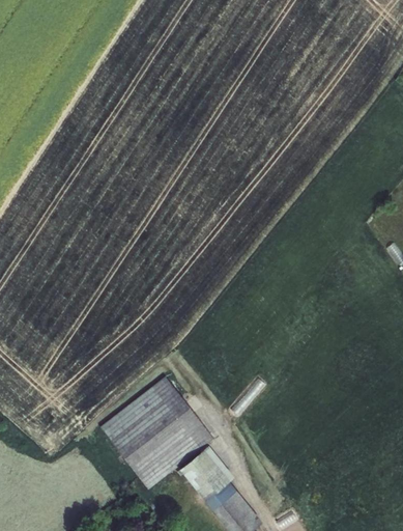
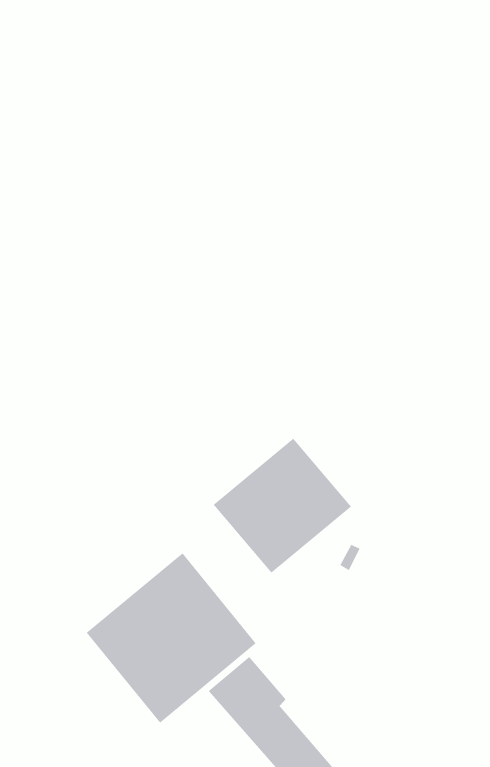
building: none -> [213,438,352,574]

